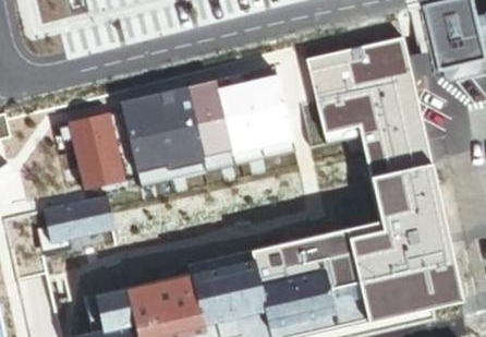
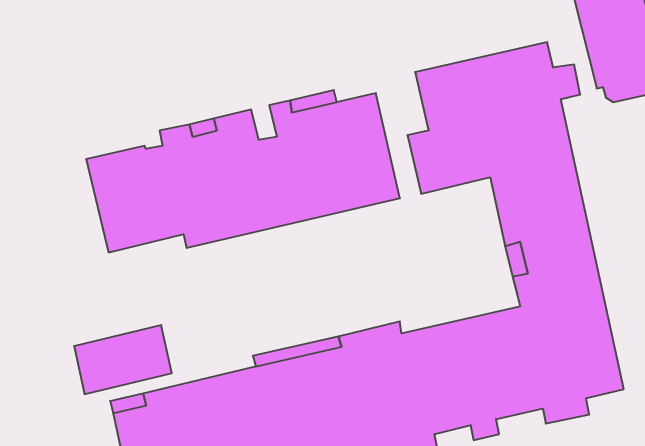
building: [45,194,116,244] -> [74,325,172,394]

